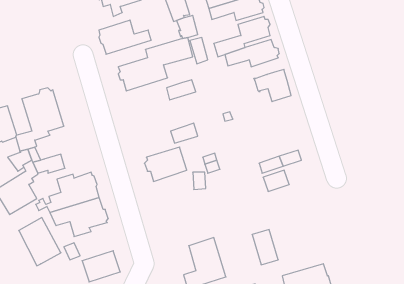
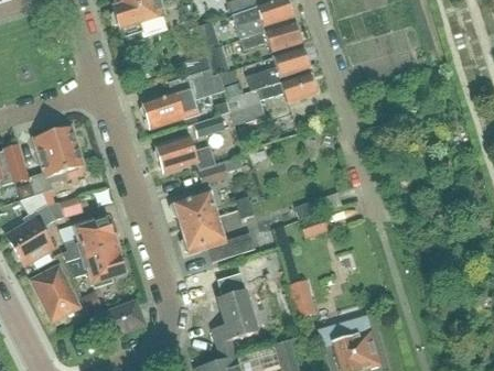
building: [99,20,151,54] -> [155,134,213,172]
building: [254,69,291,102] -> [225,88,266,123]
building: none -> [180,215,256,262]

